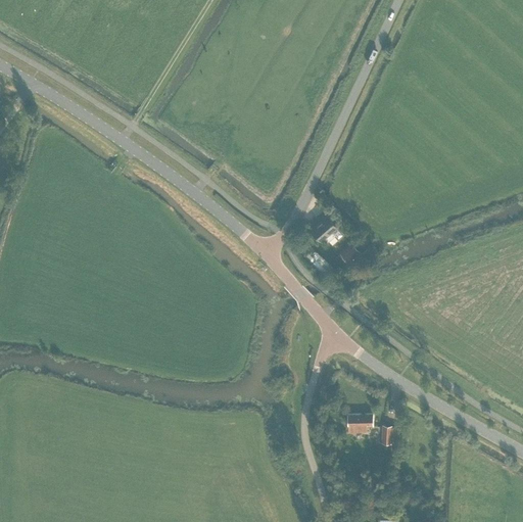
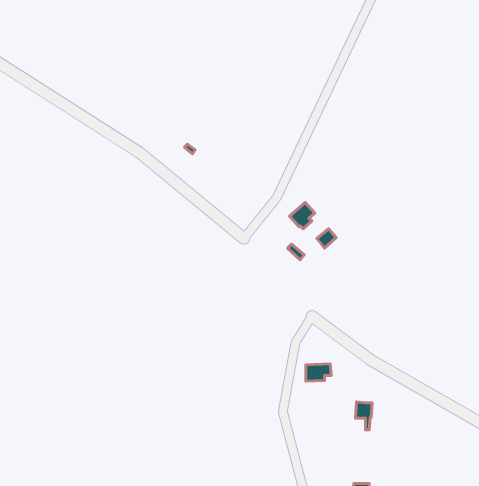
building: [346,416,373,434] -> [306,364,331,381]

